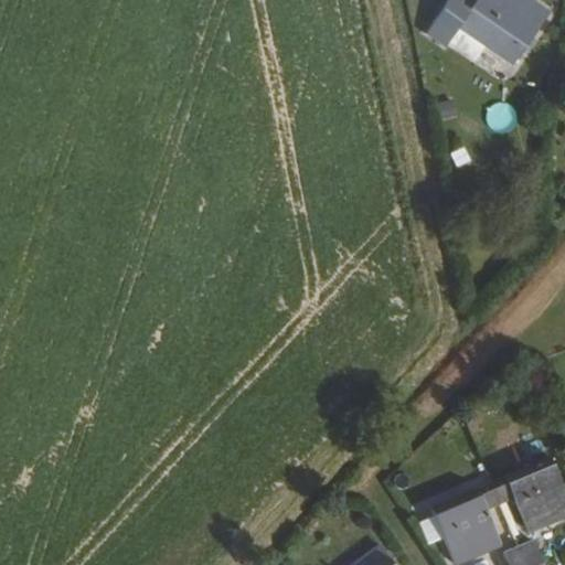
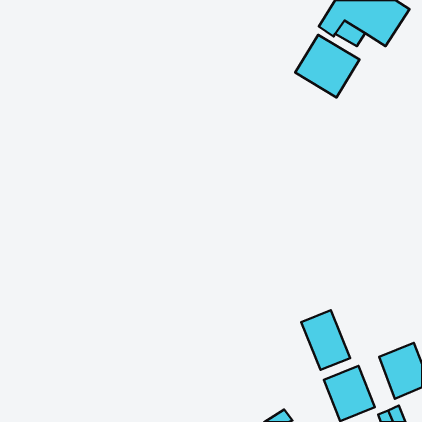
building: none -> [295,35,360,97]
building: none -> [301,310,350,370]

